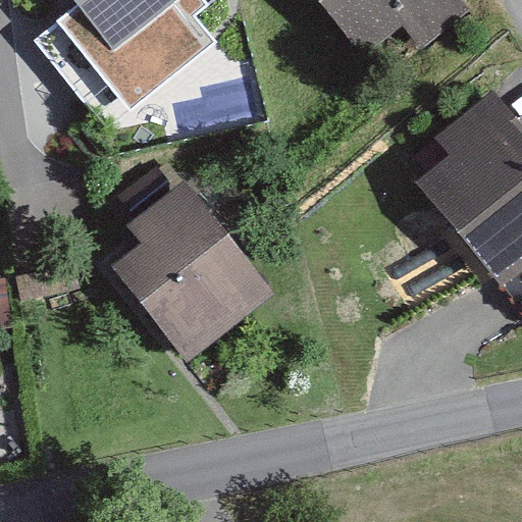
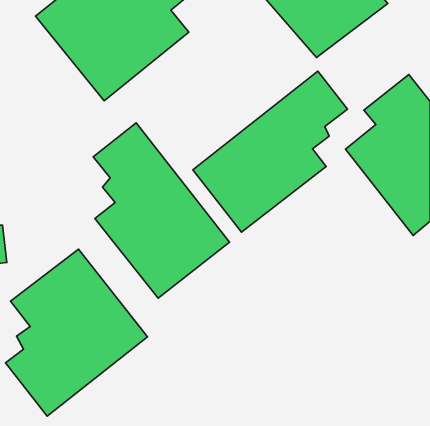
building: none -> [193,71,348,232]
building: none -> [5,249,147,416]

